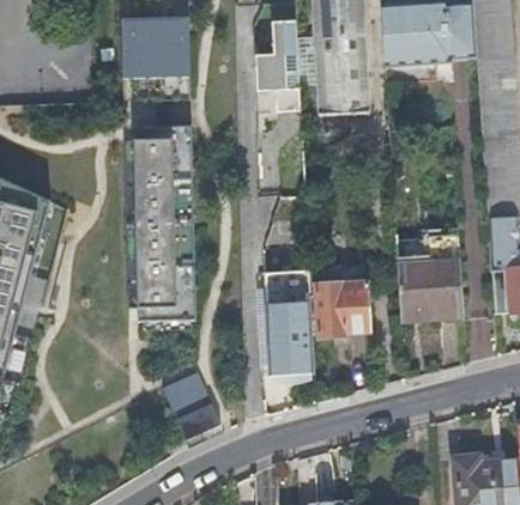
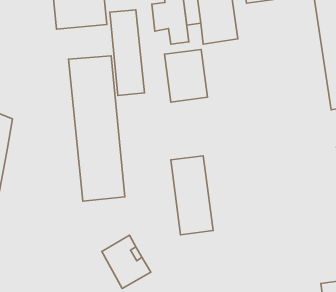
building: none -> [110,10,145,96]
building: none -> [165,49,208,102]
building: [395,241,462,320] -> none
building: [308,262,371,337] -> none

